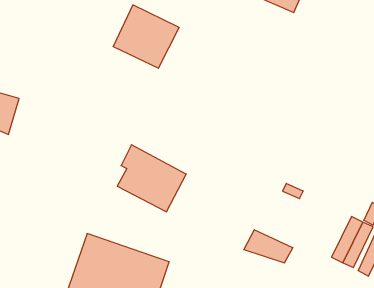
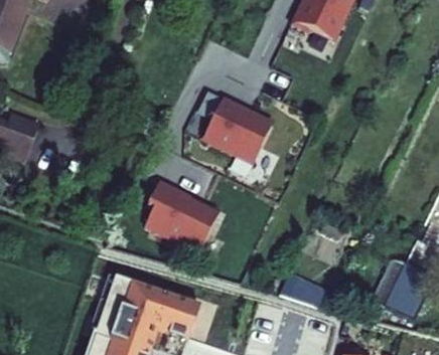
building: [113,5,179,68] -> [202,95,273,162]

